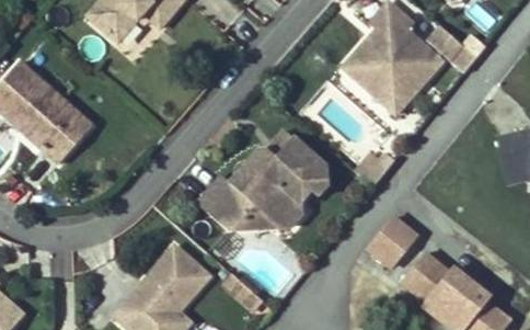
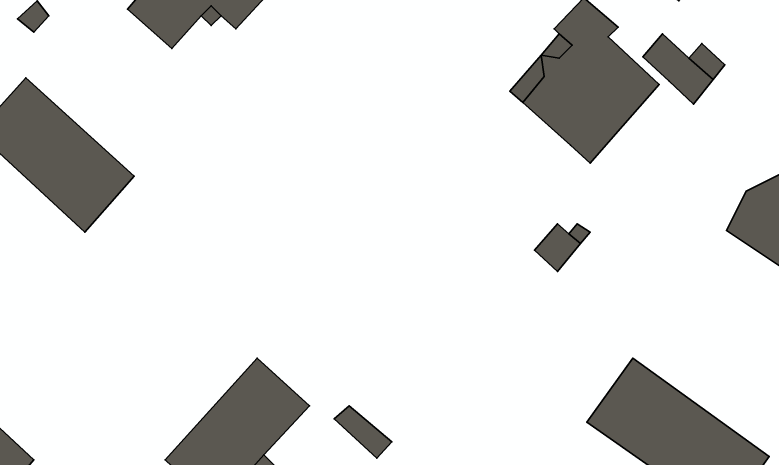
building: [200,138,326,229] -> none
building: [365,210,420,269] -> none

